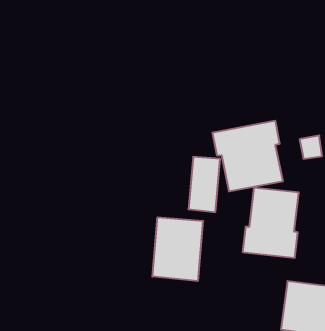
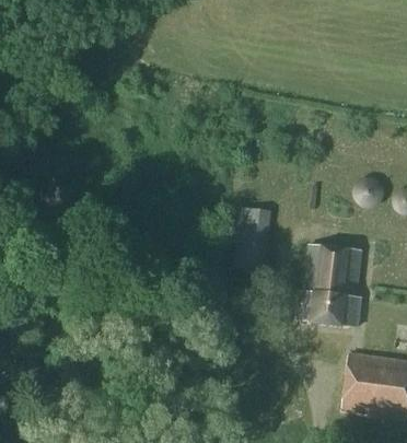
building: [213,121,283,192] -> none
building: [152,217,203,281] -> none

